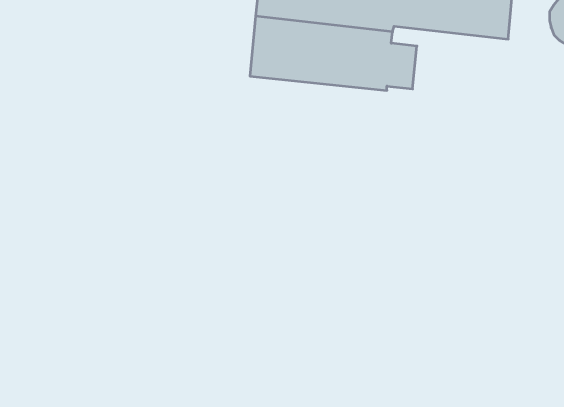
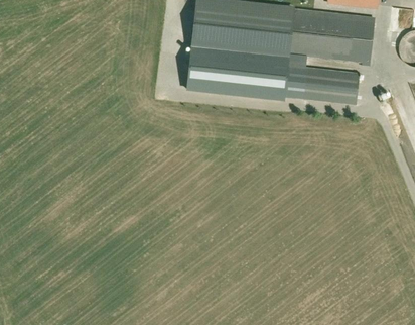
building: none -> [302,67,360,103]

